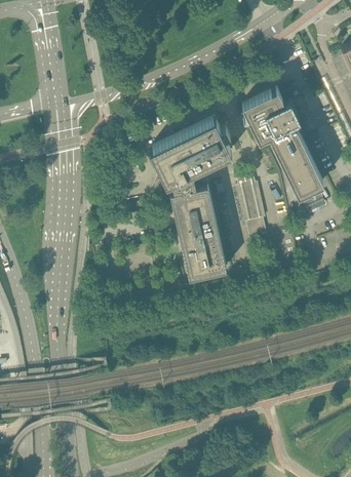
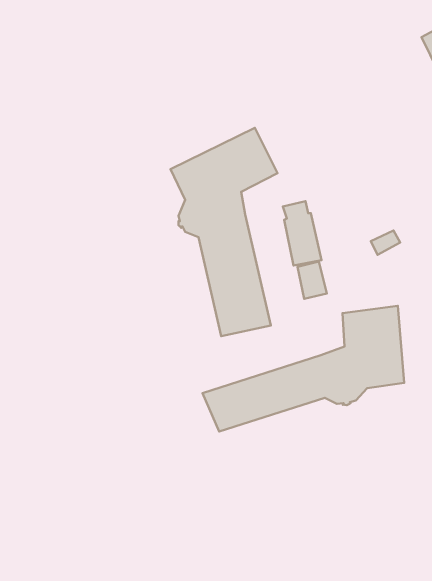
building: [242,91,324,199] -> none
building: none -> [202,306,404,431]

